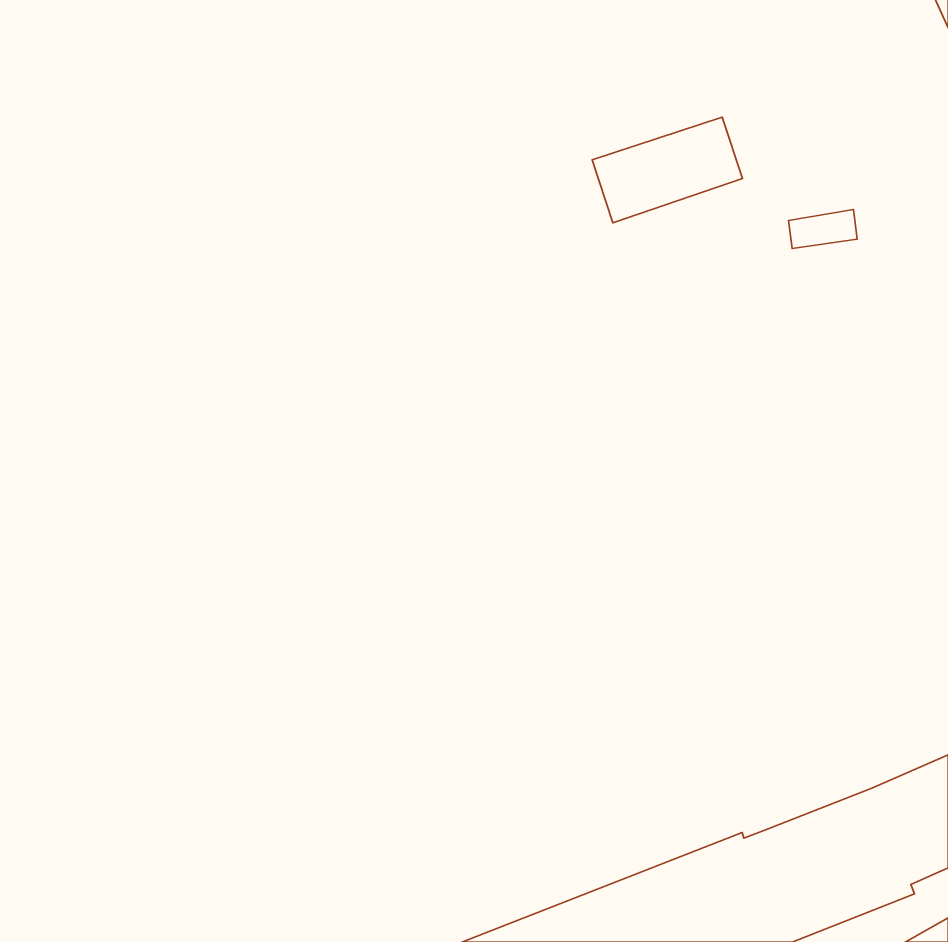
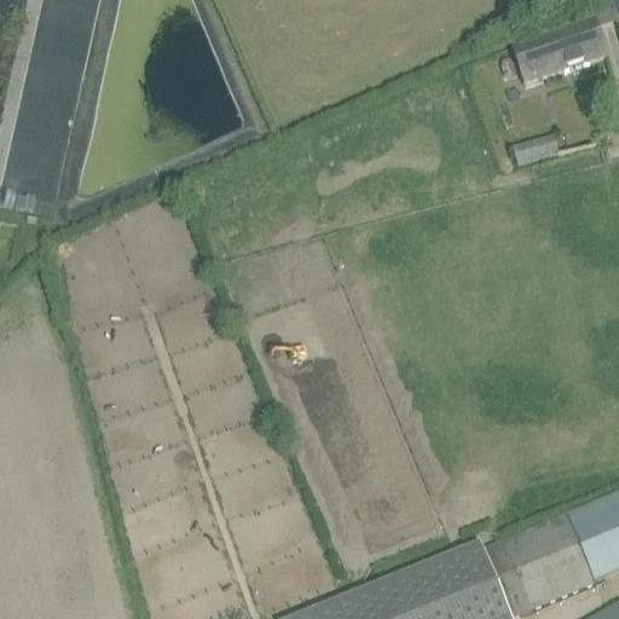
building: [592,117,743,223] -> [511,18,609,87]

